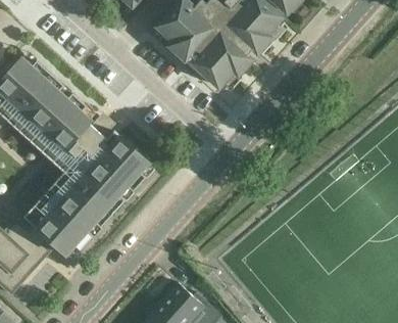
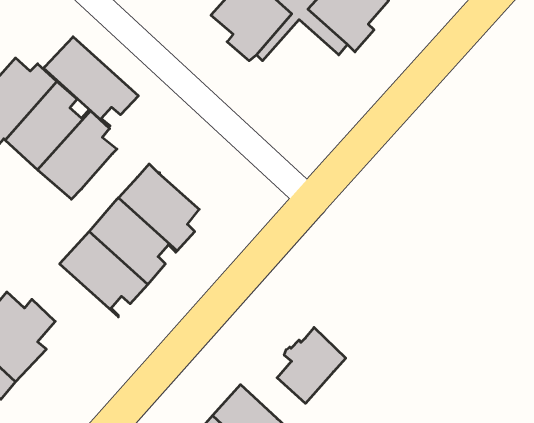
building: [189,31,250,87] -> none
building: none -> [43,37,138,127]
building: [66,124,105,156] -> none
building: [30,200,92,256] -> none
building: none -> [277,327,346,403]

